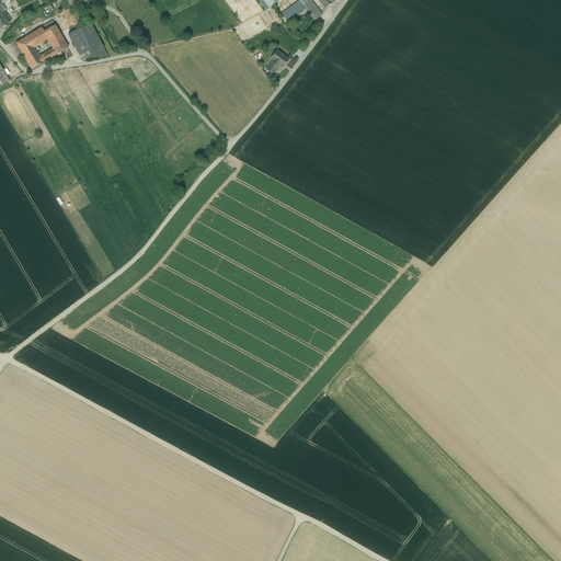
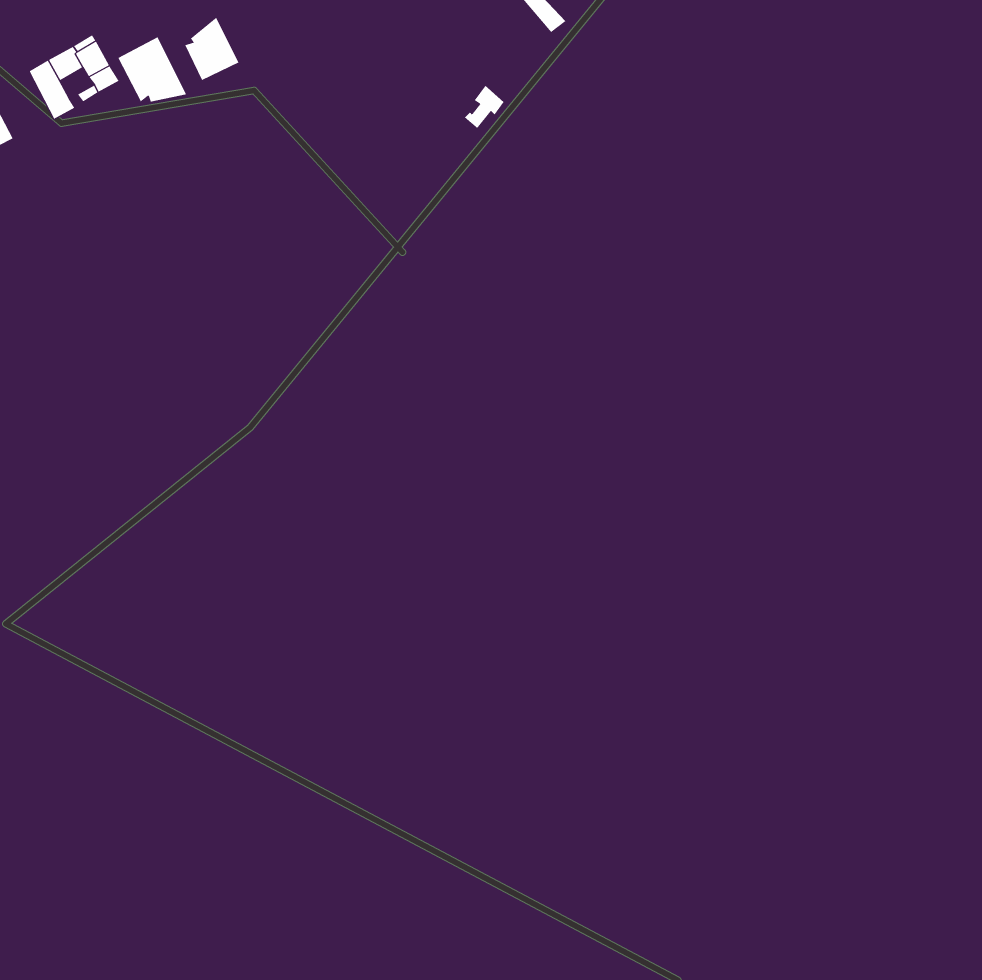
building: none -> [185,17,239,81]

